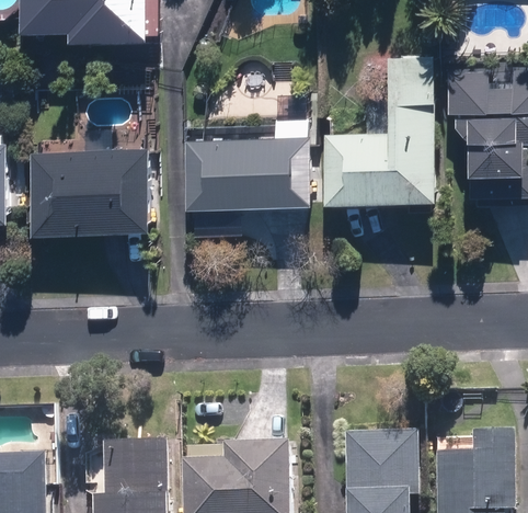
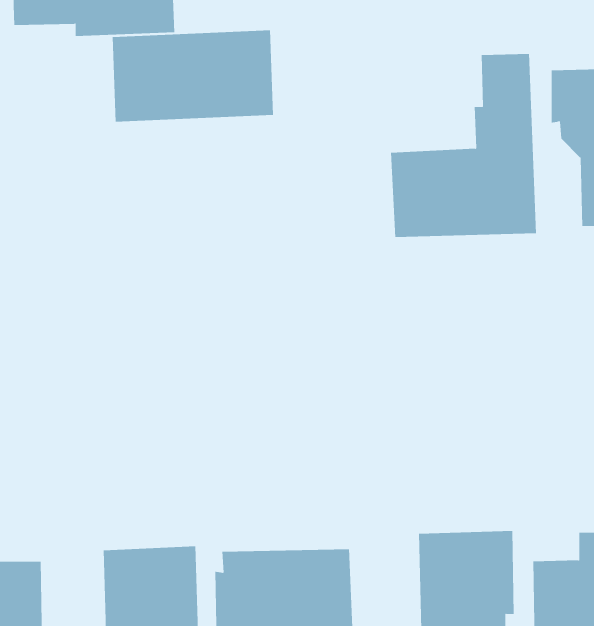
building: [183,137,310,209] -> [112,30,274,122]
building: [32,149,152,235] -> none

